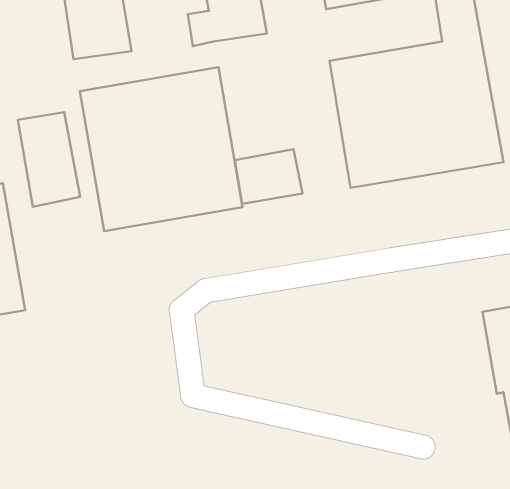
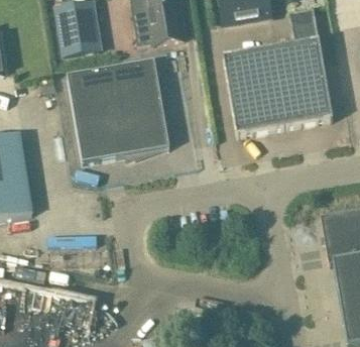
building: [18,112,80,207] -> none
building: [235,149,302,204] -> none

